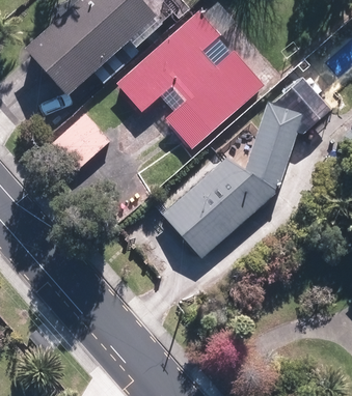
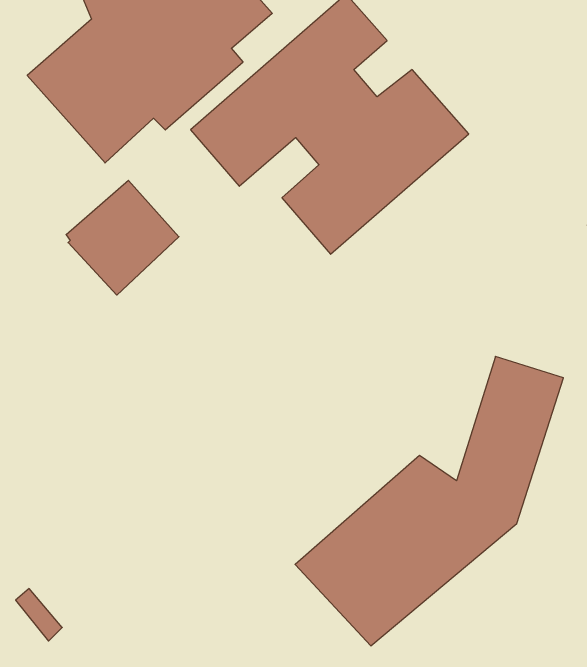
building: [165,101,308,255] -> [295,356,563,646]

